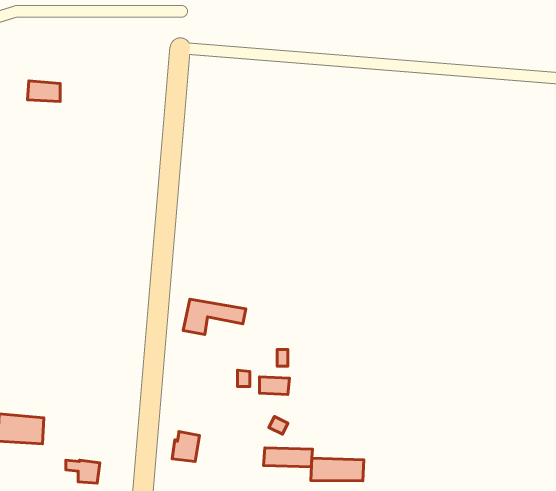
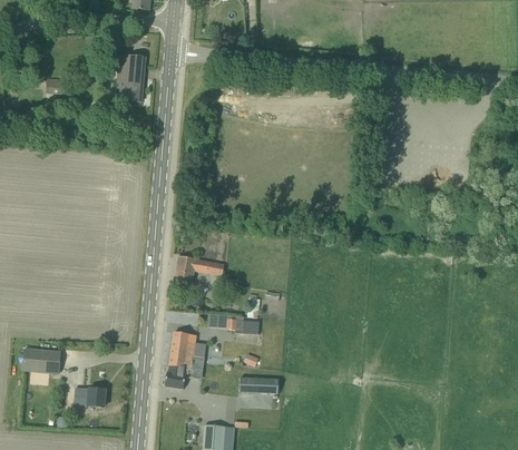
building: none -> [109,53,146,100]
building: none -> [170,331,197,366]
building: [311,458,364,481] -> none

